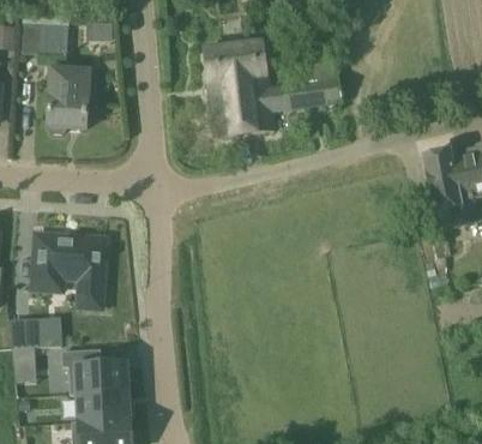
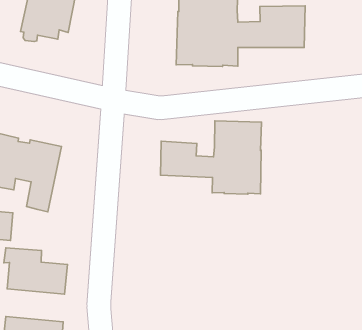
building: none -> [160,121,261,194]
building: [70,391,132,422] -> none

